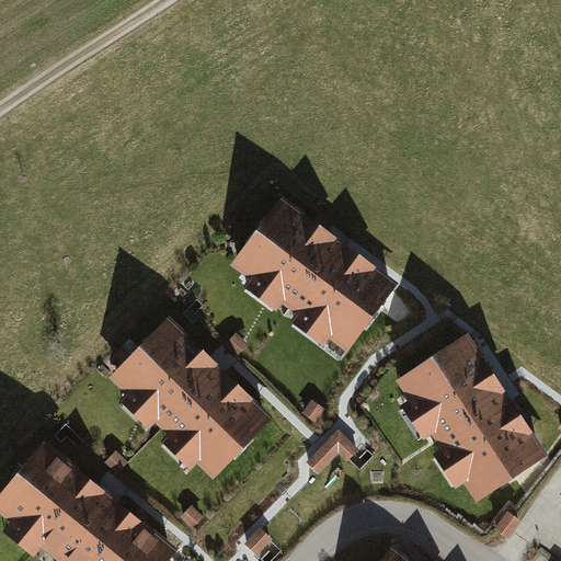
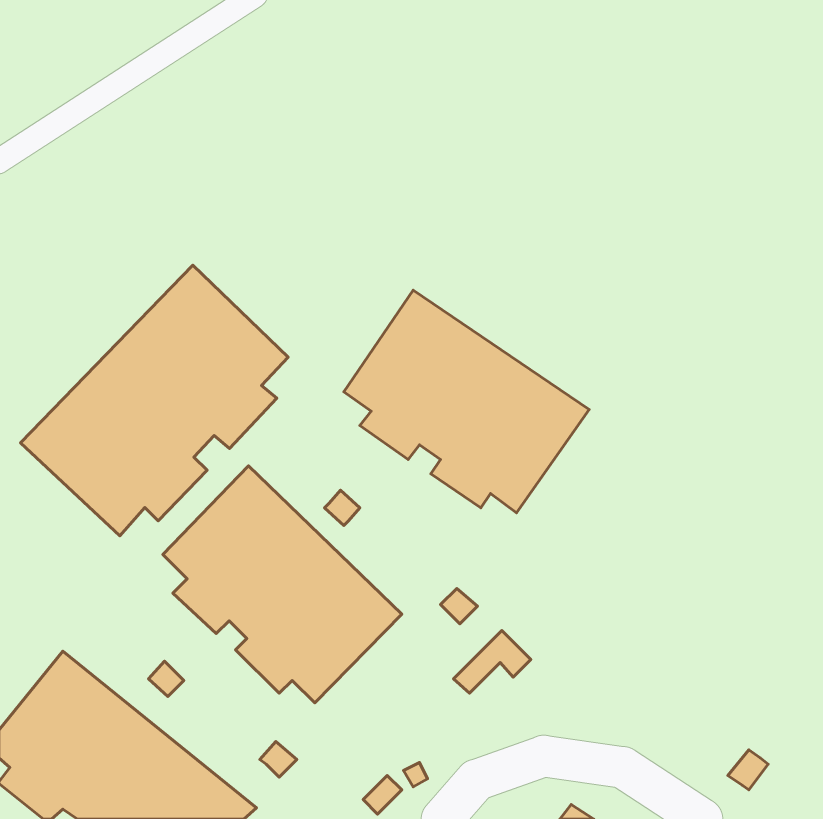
building: none -> [20,265,288,536]
building: [396,334,547,501] -> none

